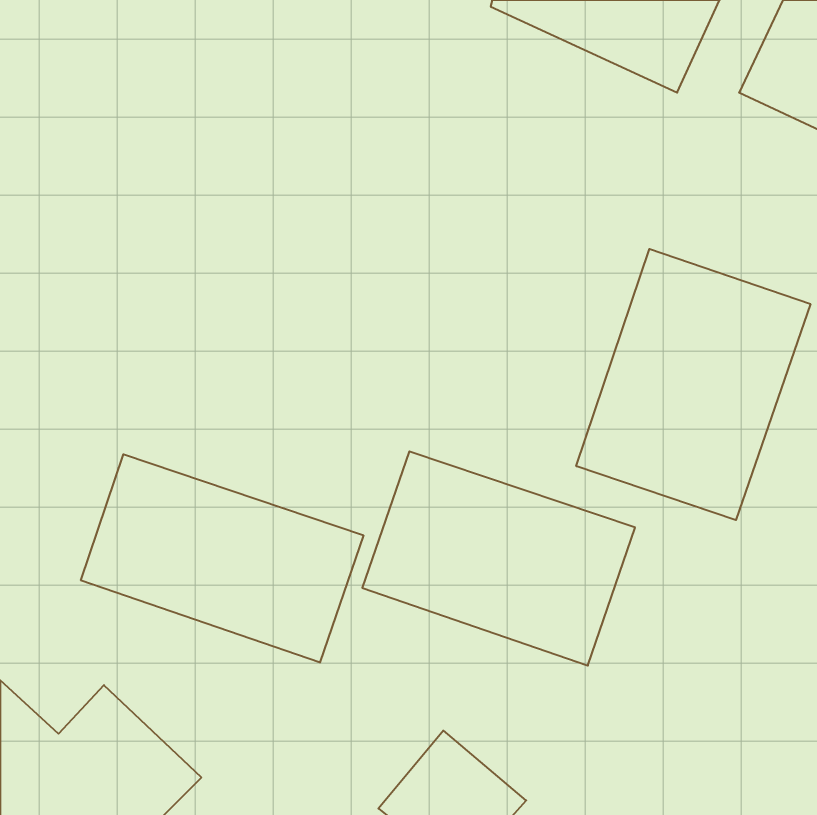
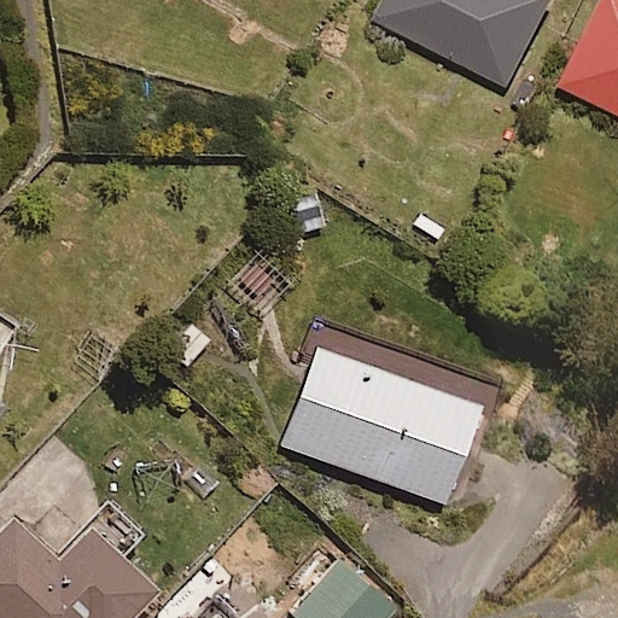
building: [576,249,810,520] -> none
building: [81,454,363,663] -> none

